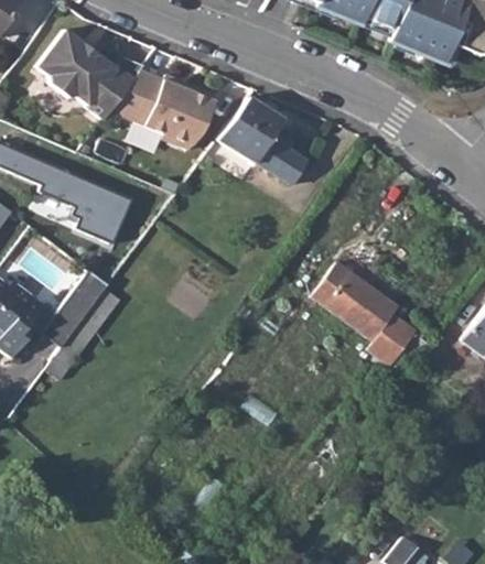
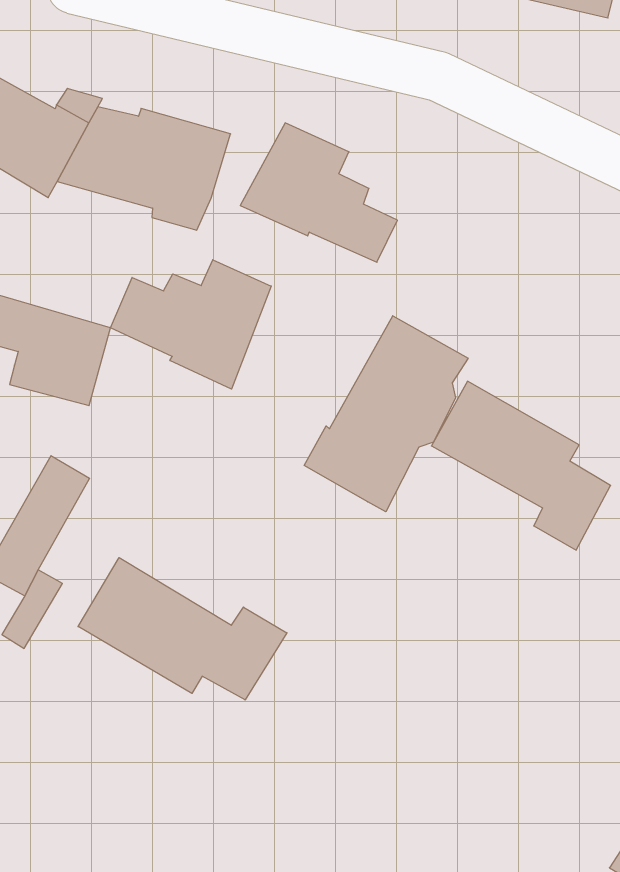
building: none -> [111,260,271,389]
building: none -> [304,316,468,512]
building: none -> [78,558,287,700]

